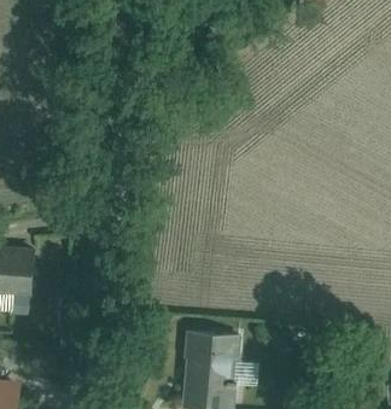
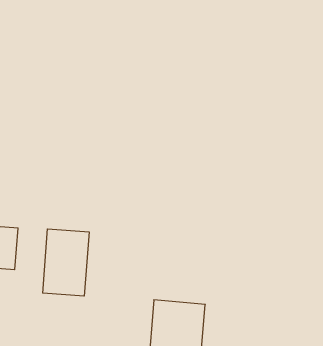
building: none -> [43,229,89,296]

